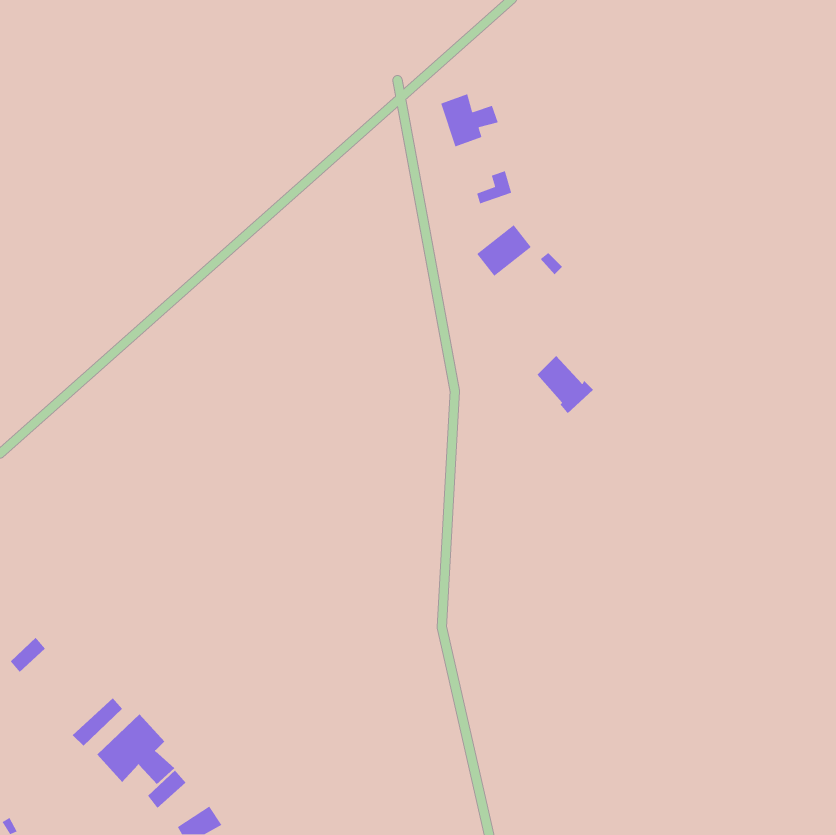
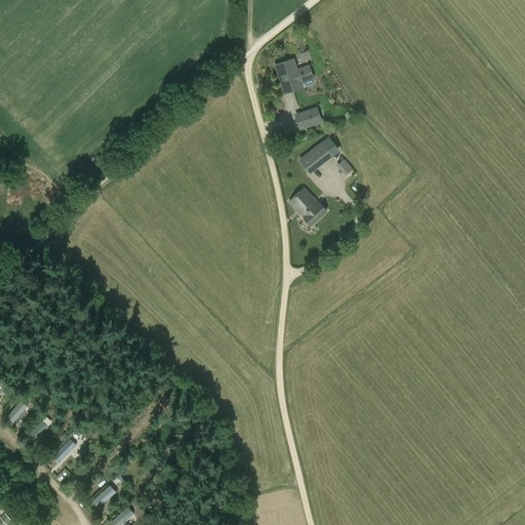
building: [536,355,594,414] -> [290,188,326,225]
building: [96,714,175,785] -> none

